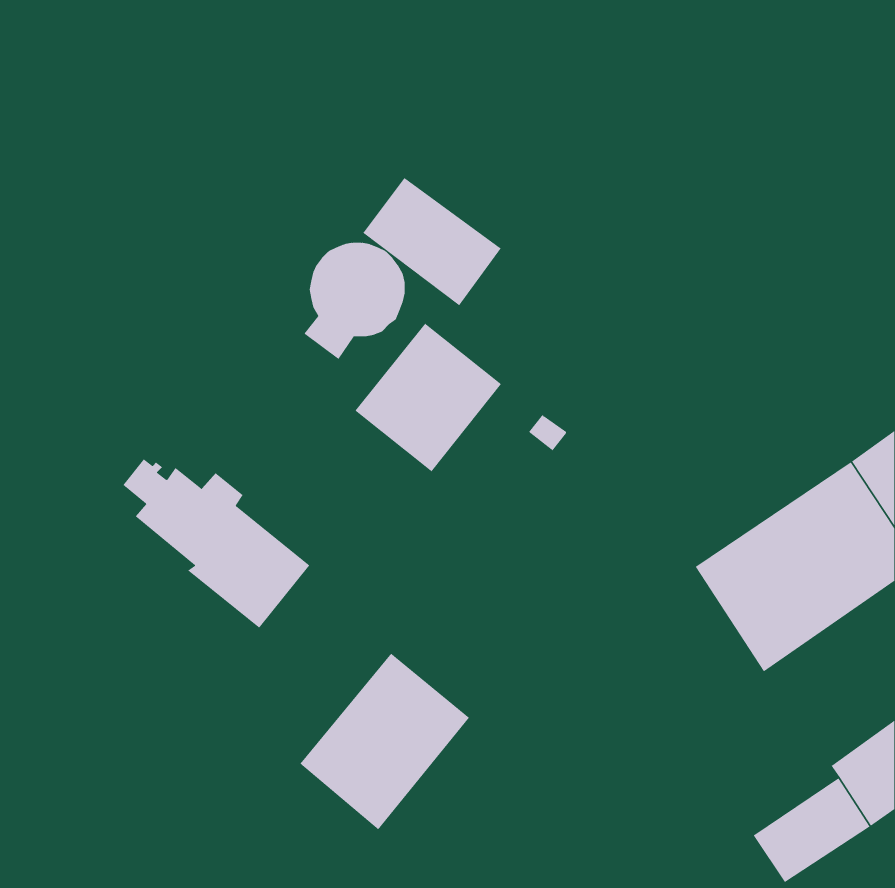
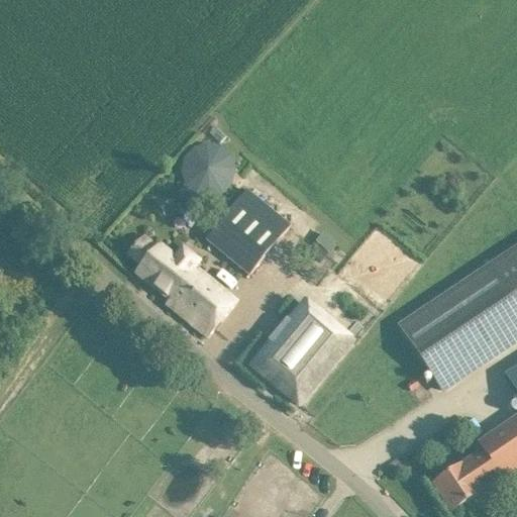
building: [363,177,501,306] -> none
building: [123,458,310,629] -> [128,236,236,334]
building: [300,653,470,830] -> [252,299,350,401]

